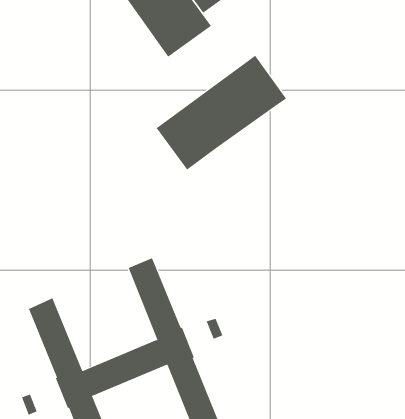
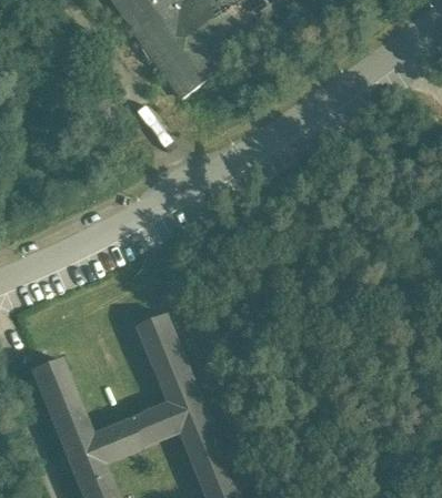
building: [156,55,287,171] -> none

